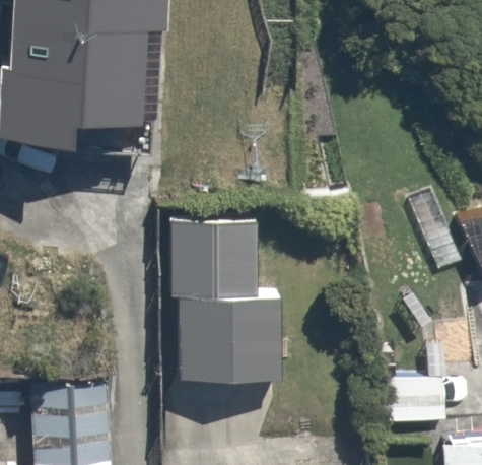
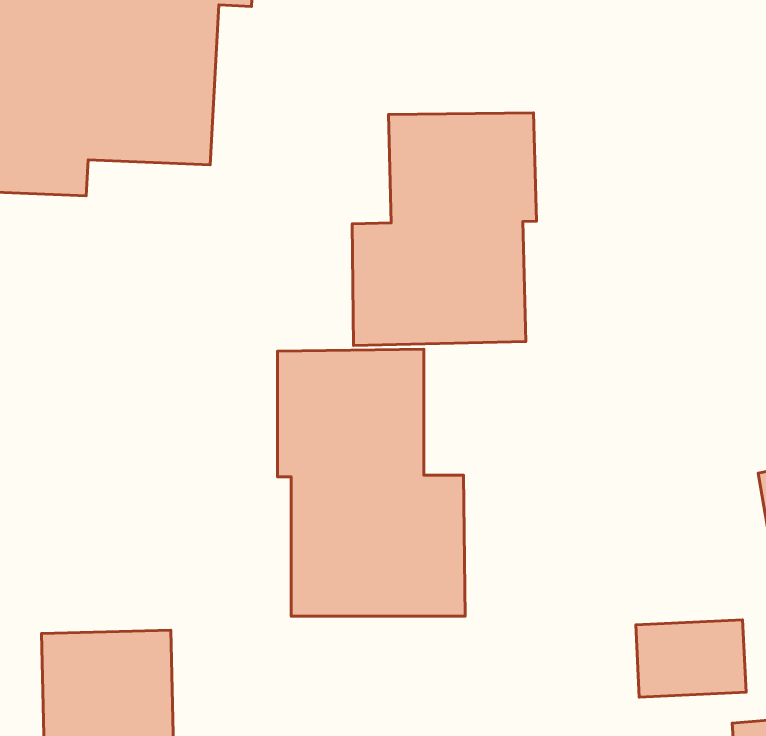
building: none -> [352,113,536,345]

